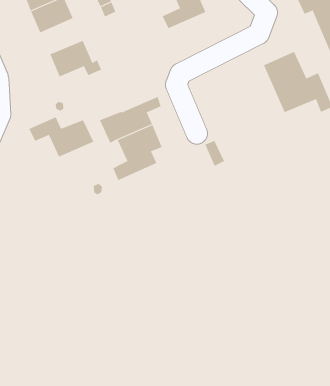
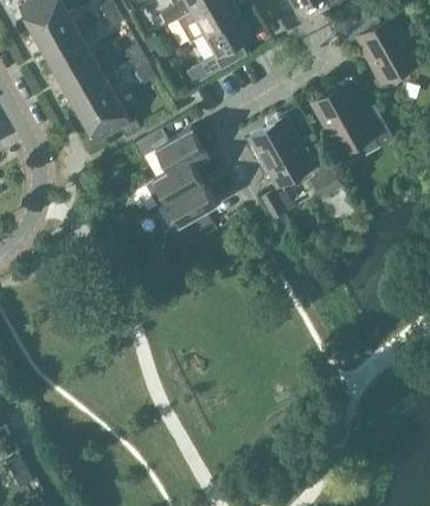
building: none -> [69,78,116,120]
building: none -> [246,116,341,199]
building: [28,117,94,158] -> [131,129,204,173]

